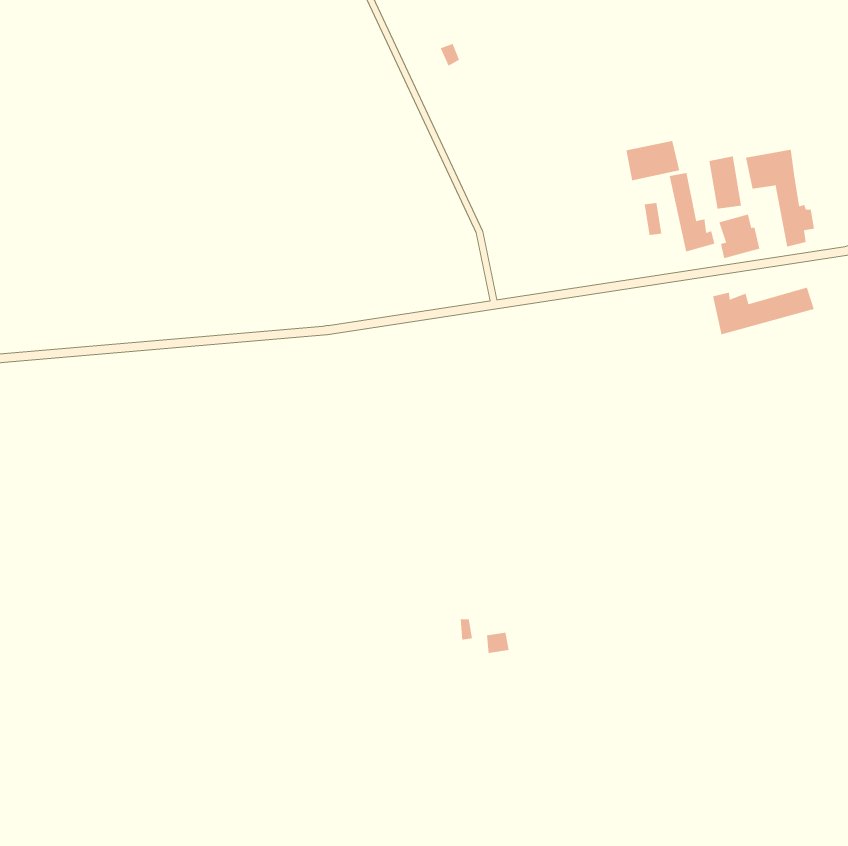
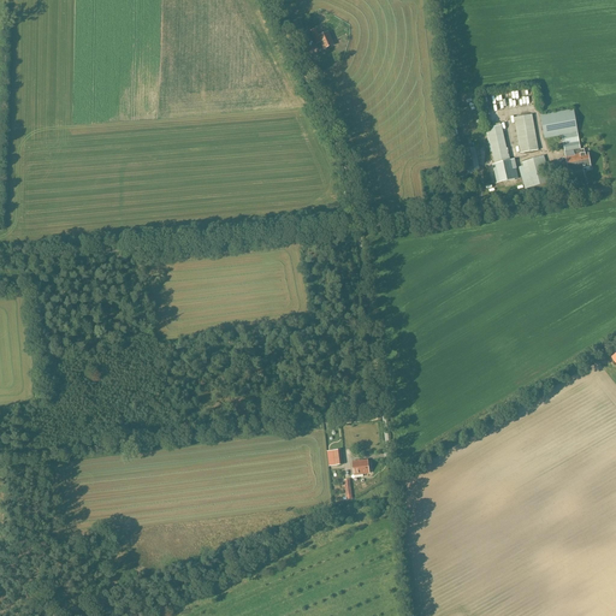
building: [626,140,680,181] -> none
building: [713,287,814,335] -> none

